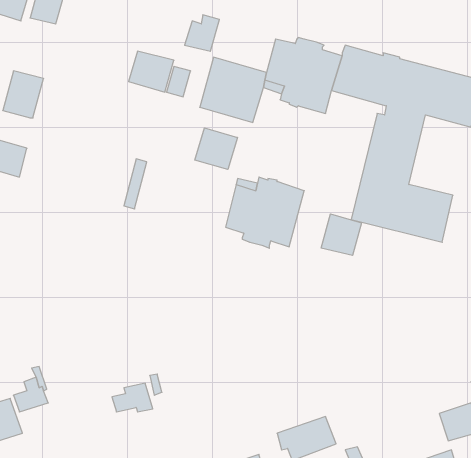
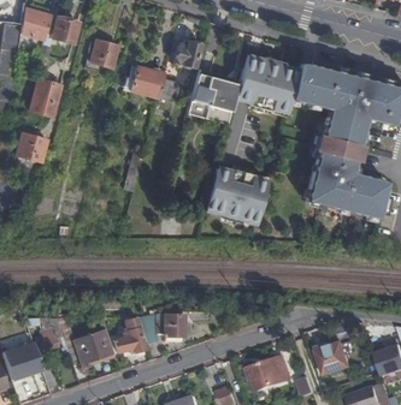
building: none -> [85,40,113,67]
building: [195,128,237,169] -> none
building: [321,214,362,255] -> none
building: none -> [154,314,182,334]
building: none -> [72,329,112,362]
building: none -> [314,341,347,374]

